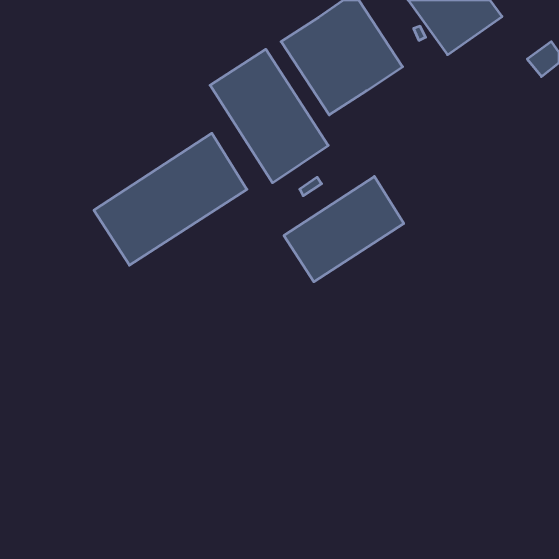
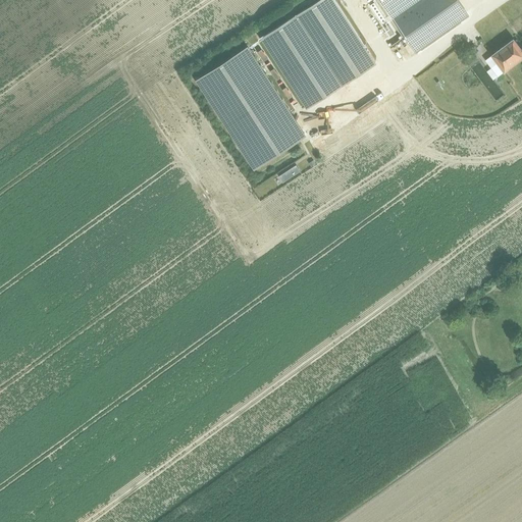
building: [94,133,247,265] -> none
building: [284,176,404,282] -> none

